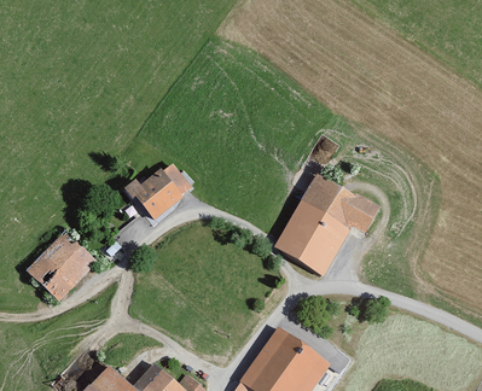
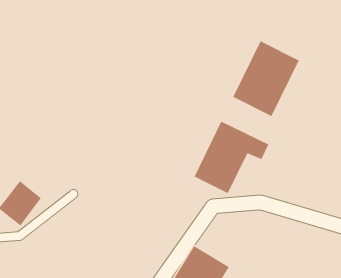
building: none -> [232,40,300,117]
building: [134,165,186,214] -> none

